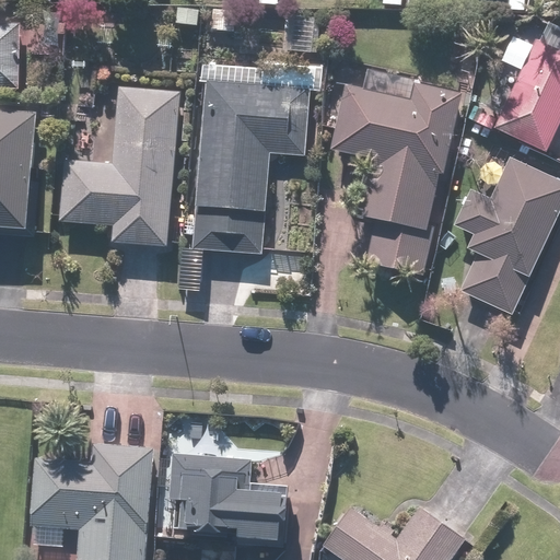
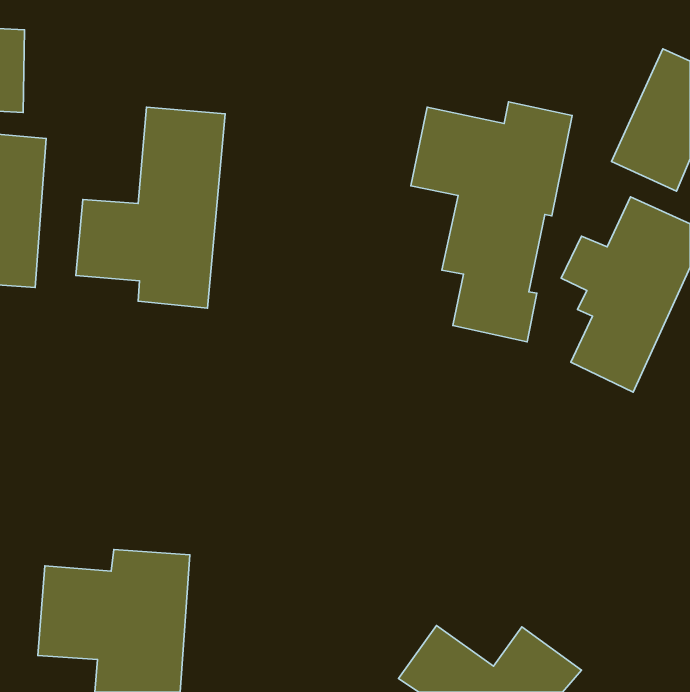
building: [190,80,308,256] -> none
building: [167,454,288,547] -> none

